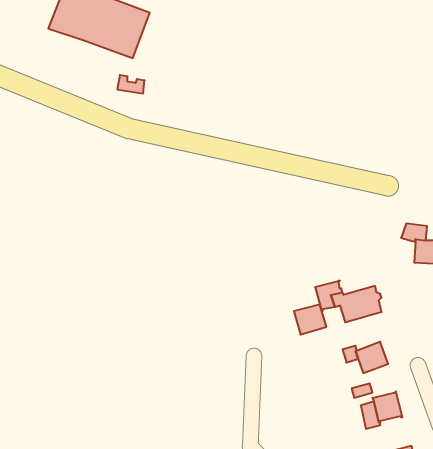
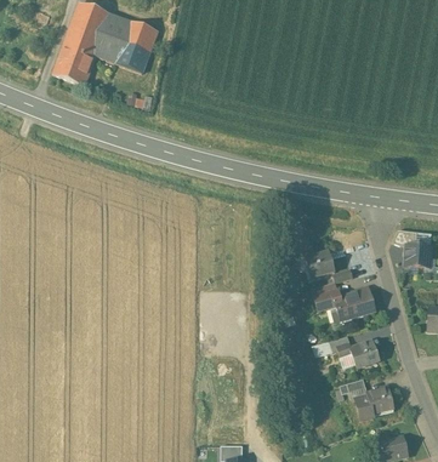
building: none -> [53,46,96,86]
building: [294,305,326,335] -> [305,249,335,276]

